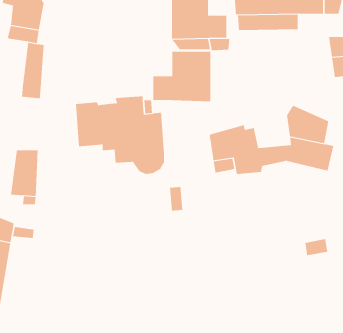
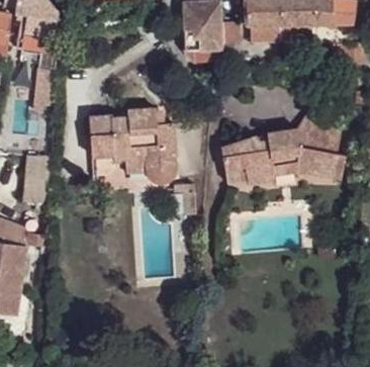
building: [153,51,211,102] -> none
building: none -> [265,125,300,158]

